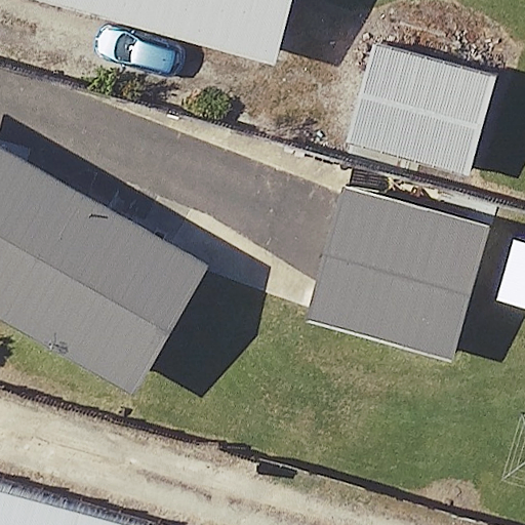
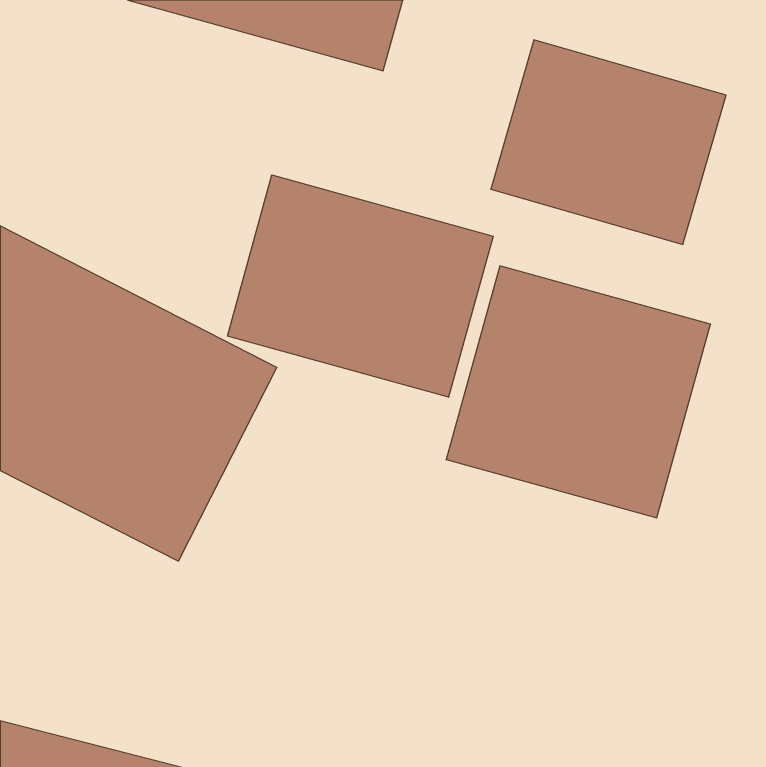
building: none -> [227,175,493,397]

